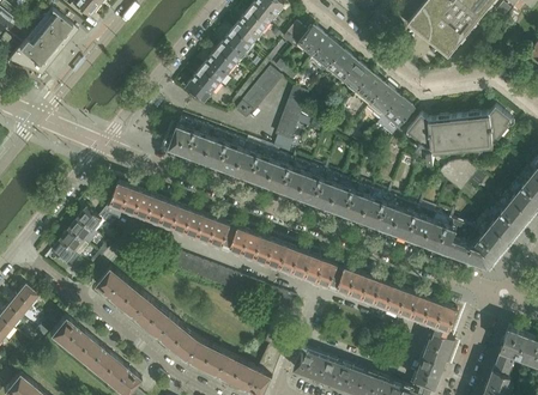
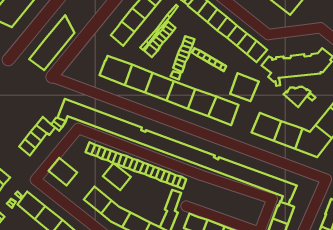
building: none -> [29,15,74,70]
building: [362,190,404,231] -> [230,73,259,101]
building: [121,290,162,329] -> [103,163,131,190]

